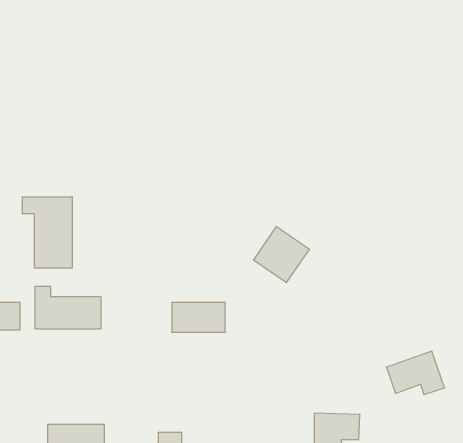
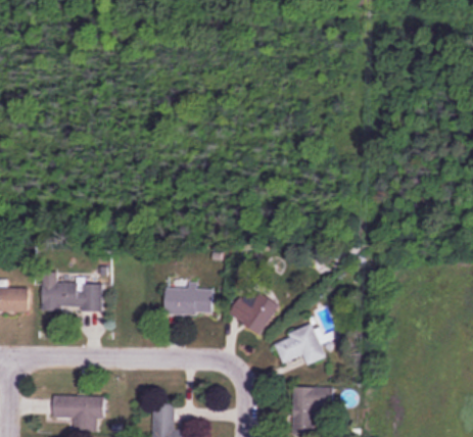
building: [22,197,72,268] -> none
building: [253,227,309,283] -> [229,284,279,334]
building: [386,351,445,395] -> [273,325,325,363]

